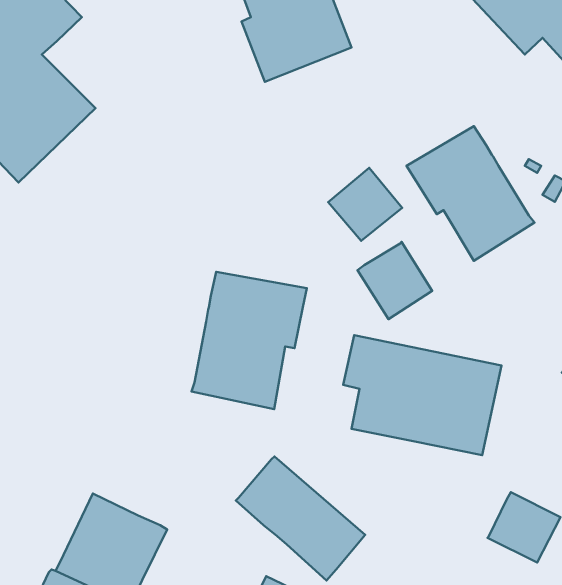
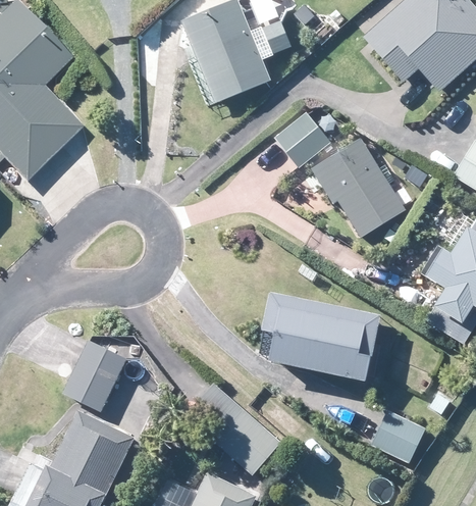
building: [328,168,402,241] -> [276,112,331,166]
building: [358,242,432,319] -> none
building: [191,272,307,409] -> none
building: none -> [64,340,126,410]

